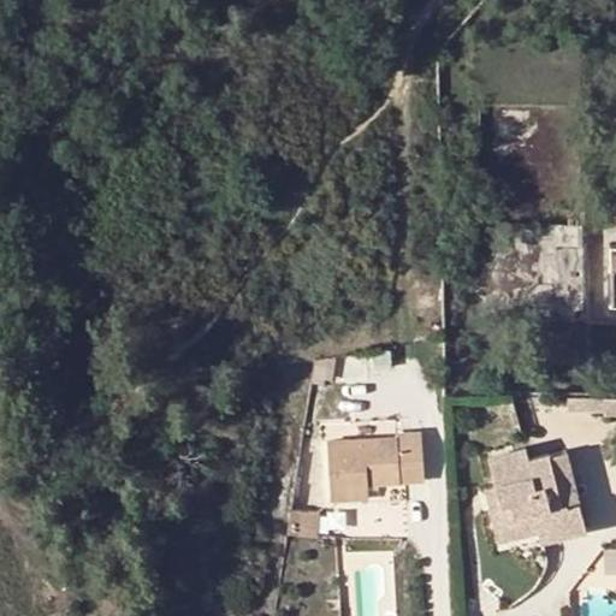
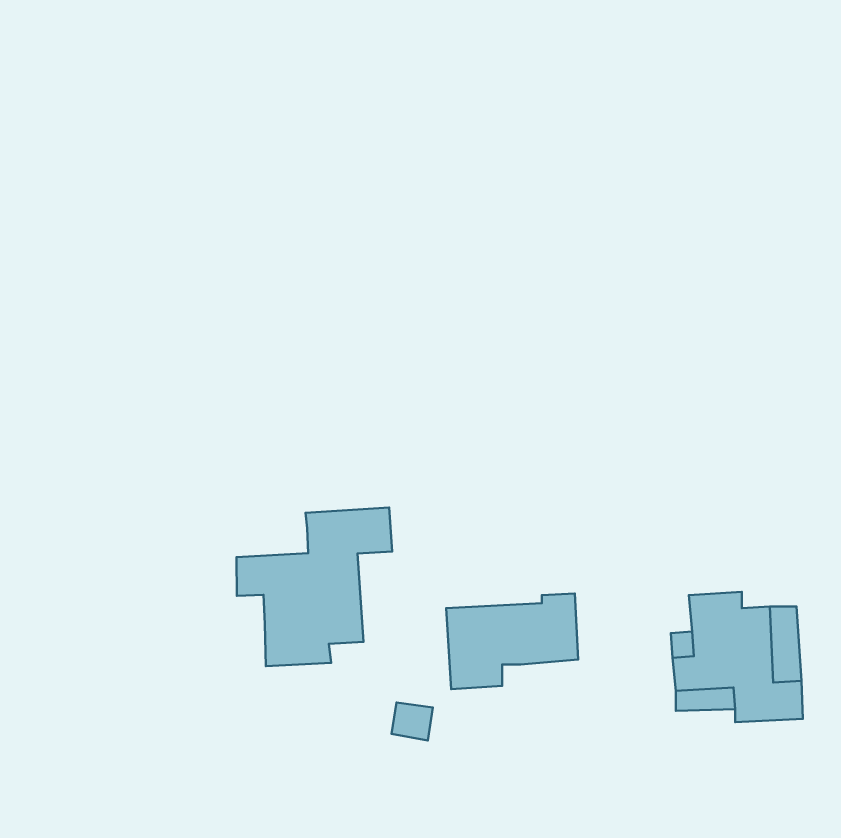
building: none -> [237,507,392,666]

